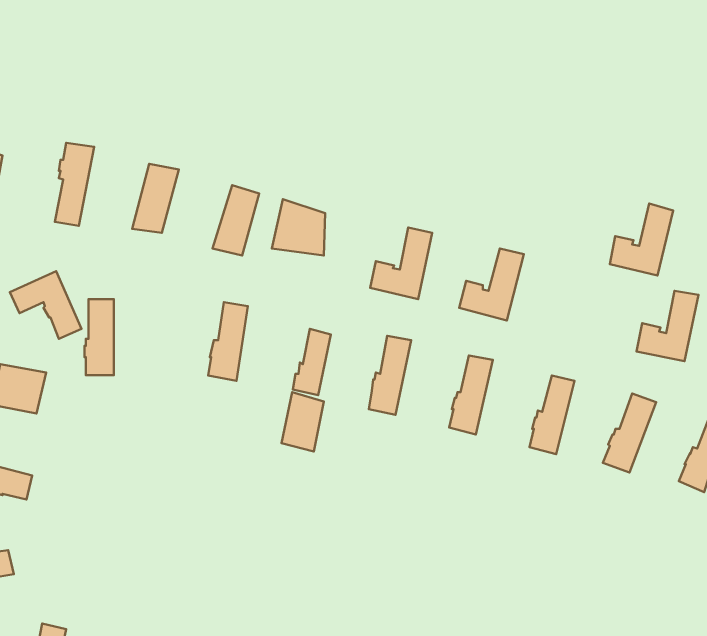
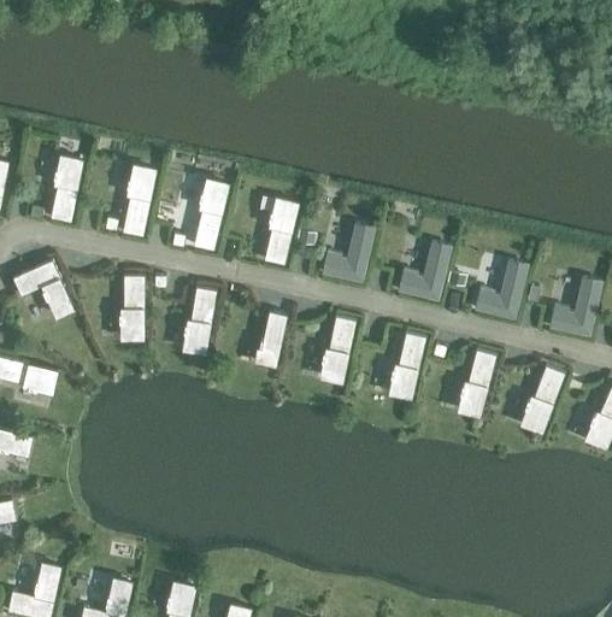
building: [610,204,673,275] -> [473,259,528,321]
building: [84,299,114,375] -> [119,275,145,340]
building: [282,392,324,451] -> none

